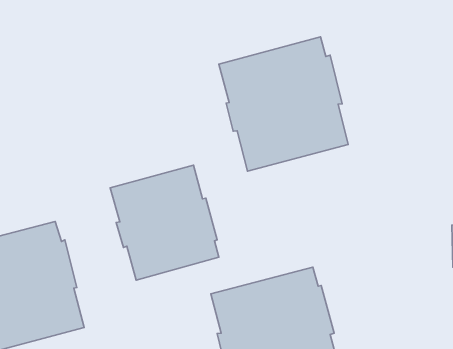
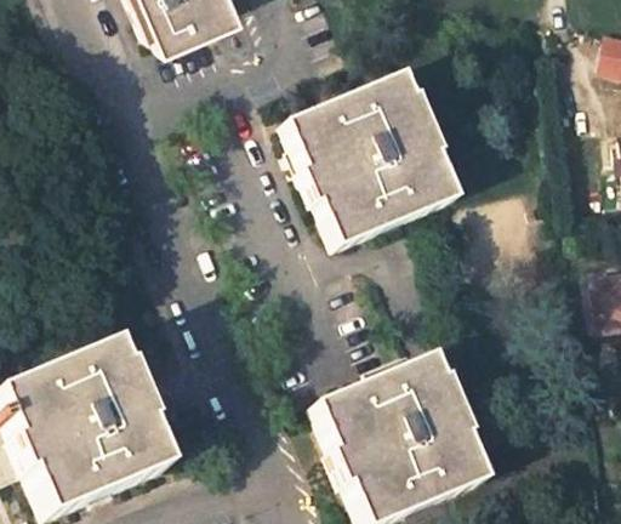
building: [110,165,219,280] -> none

